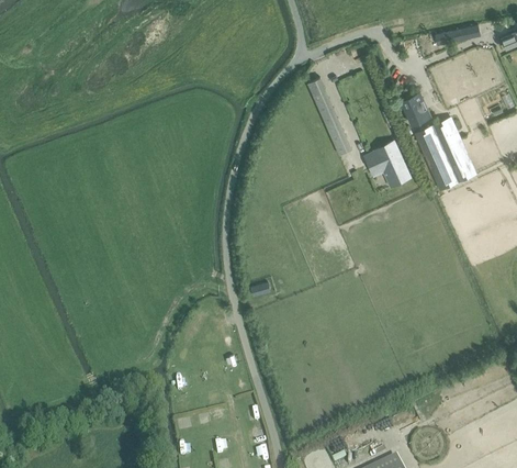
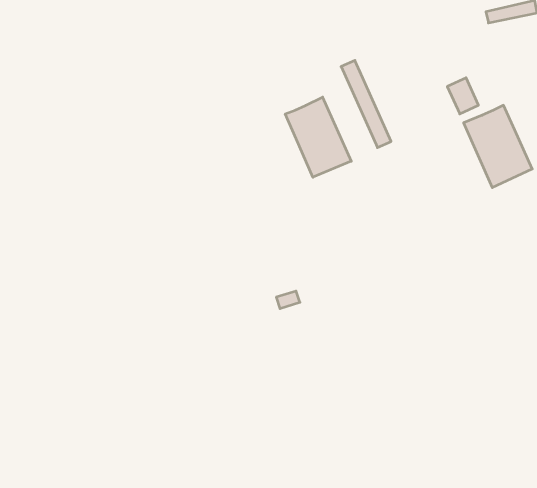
building: none -> [285,97,351,177]
building: [366,141,412,186] -> none

